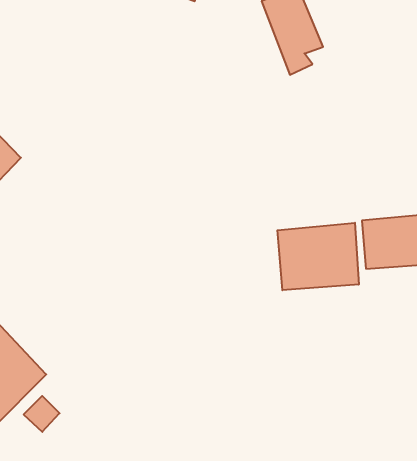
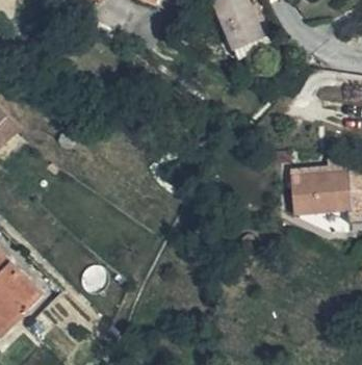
building: [277,223,359,290] -> none

